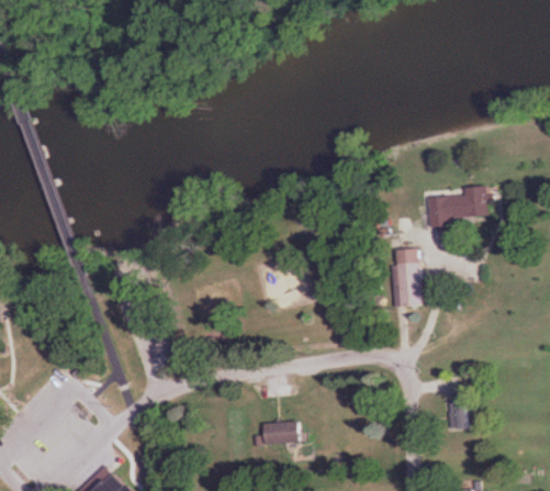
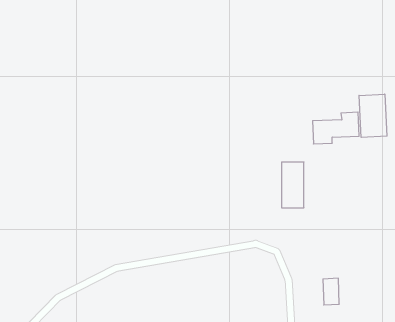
building: none -> [359,94,387,137]
building: [261,422,300,444] -> none

